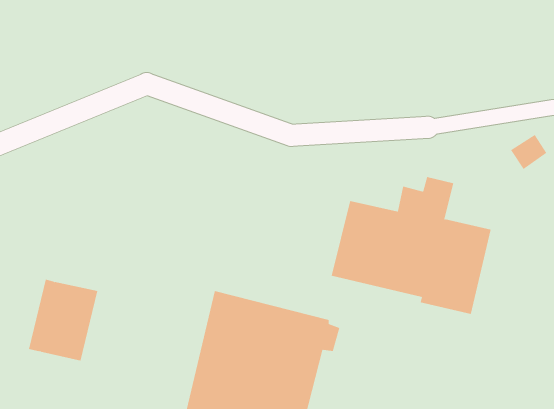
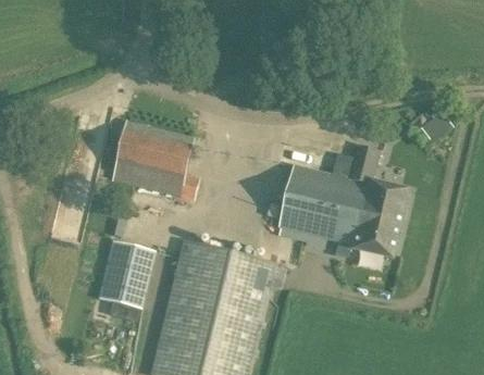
building: none -> [110,121,198,202]
building: [28,279,98,361] -> [97,241,154,309]

